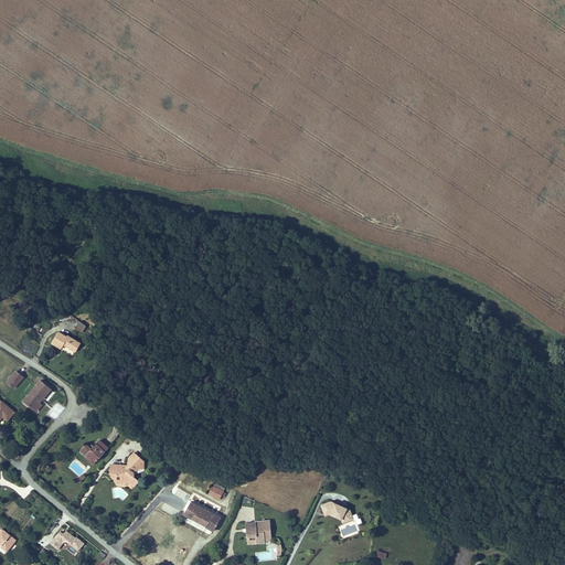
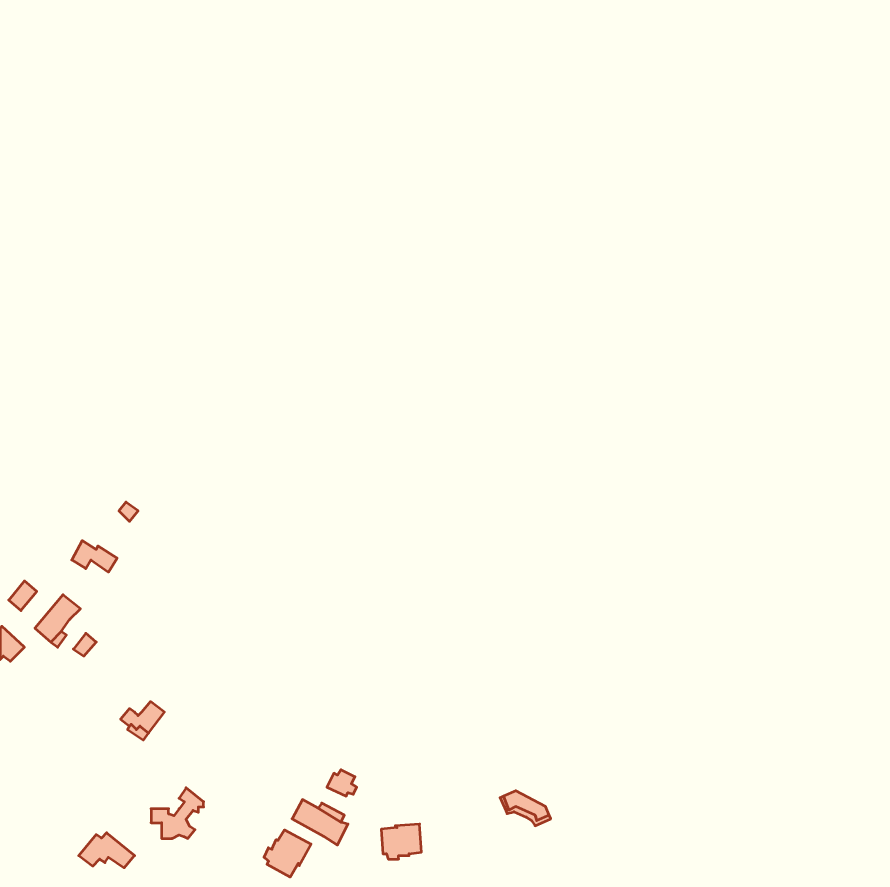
building: [109,452,142,484] -> [151,788,204,838]
building: none -> [264,830,311,877]

